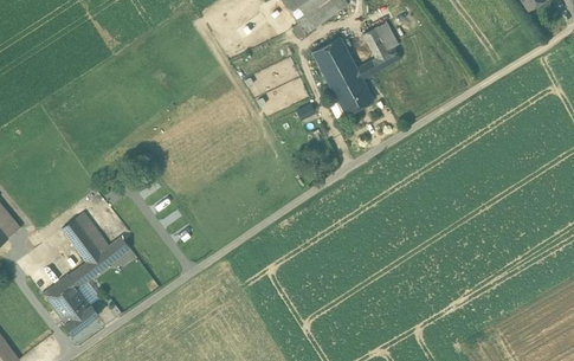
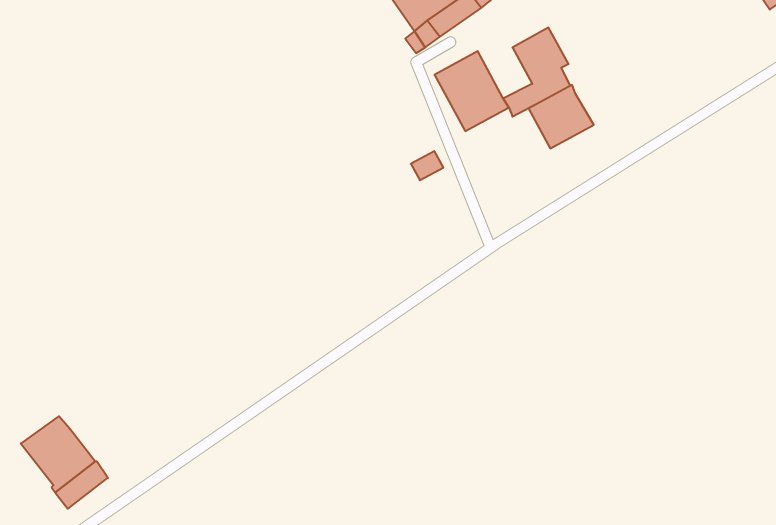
building: [331,72,374,114] -> [528,85,594,148]
building: [62,211,130,283] -> none

